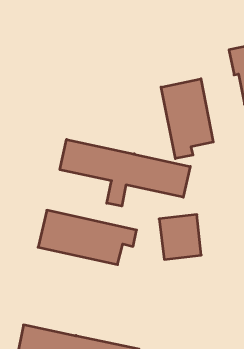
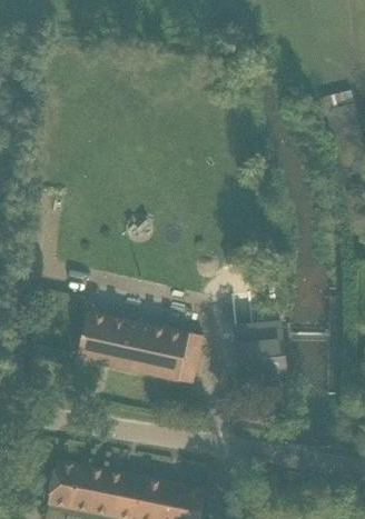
building: [161,79,213,159] -> none
building: [60,139,190,206] -> none

